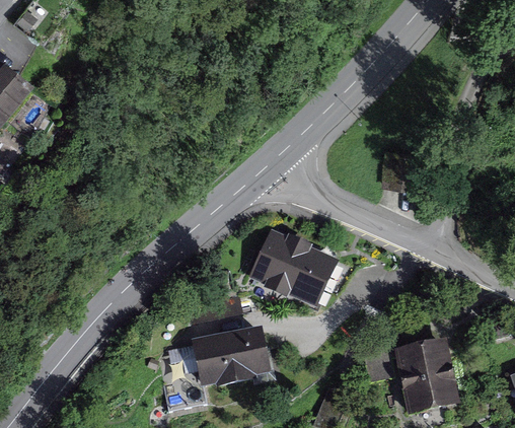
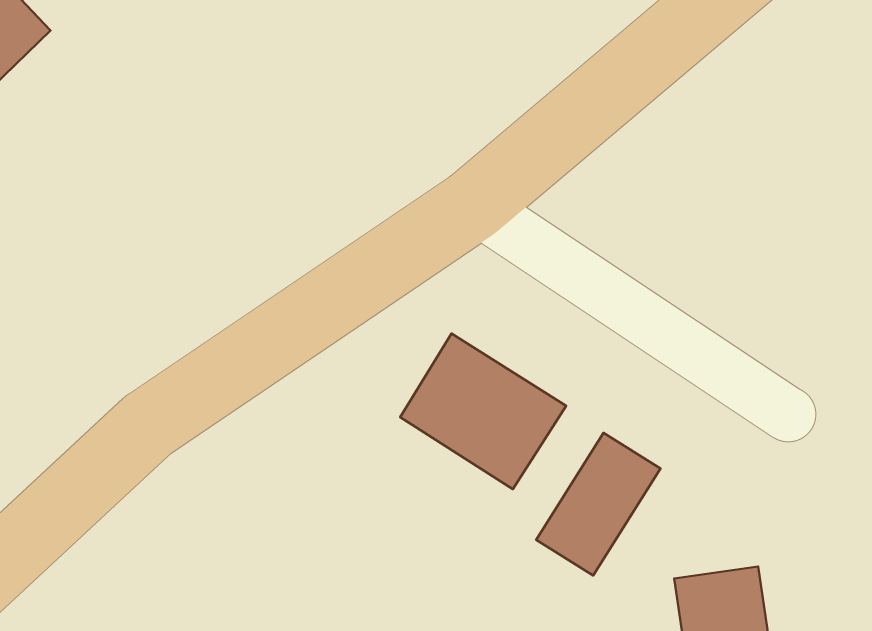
building: none -> [536,433,660,576]
building: [187,324,270,386] -> none

